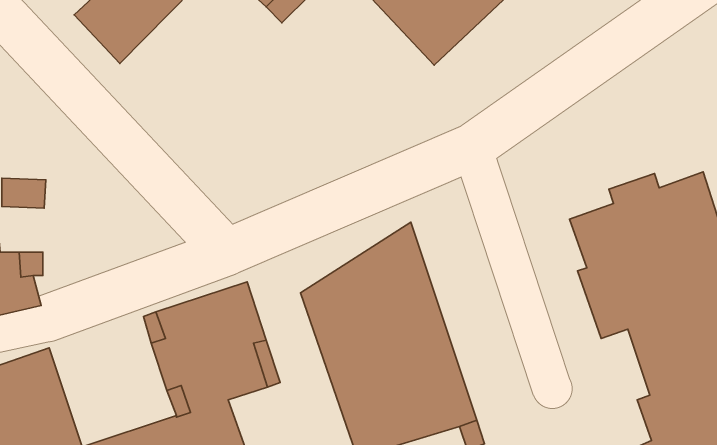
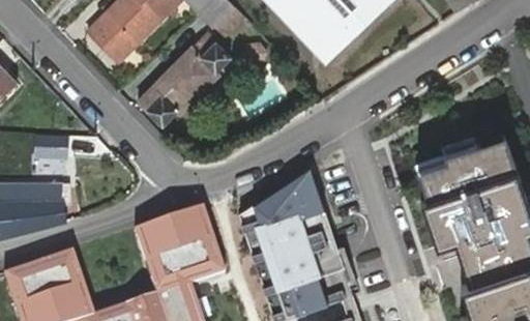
building: none -> [137,33,232,127]

